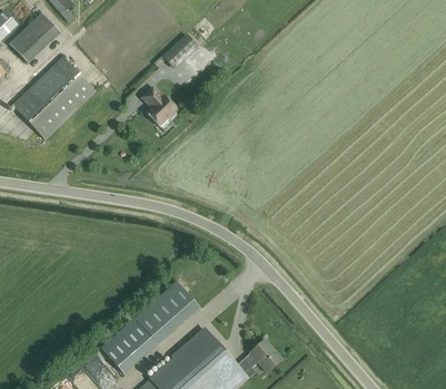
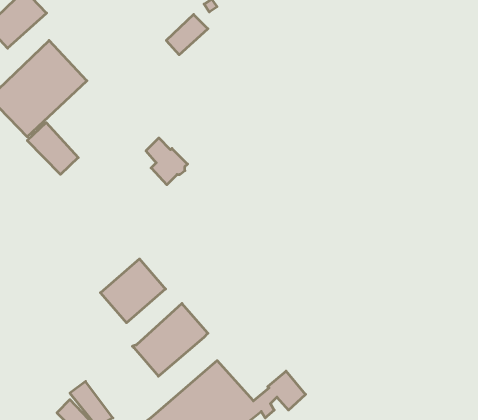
building: [141,86,177,126] -> [146,138,188,185]
building: none -> [27,123,78,174]
building: [101,319,157,373] -> [100,259,166,323]

